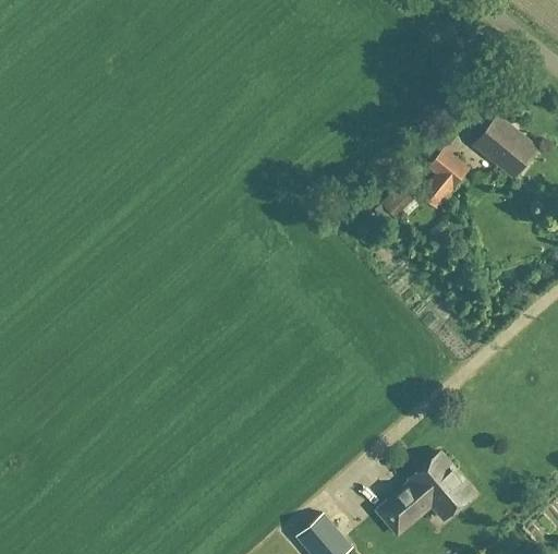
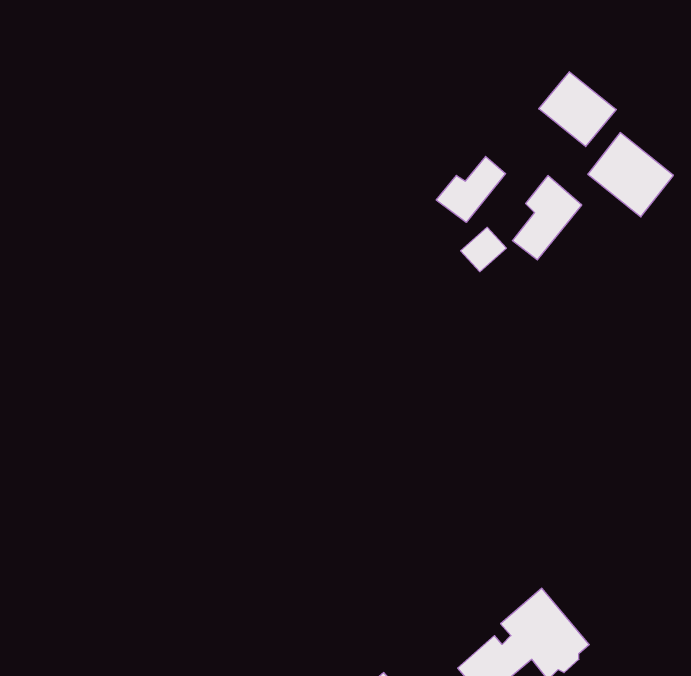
building: none -> [539,72,616,147]
building: none -> [436,156,506,222]

